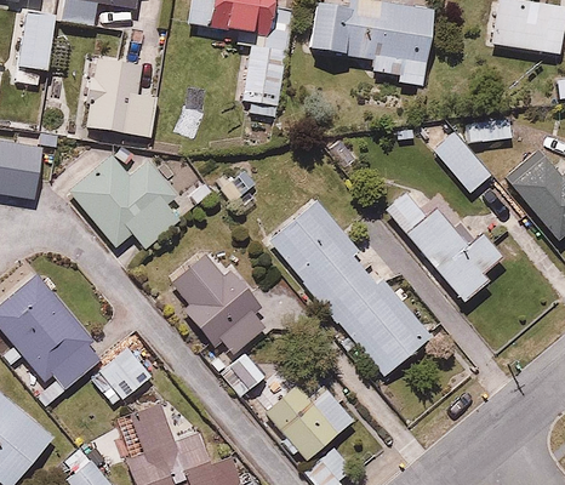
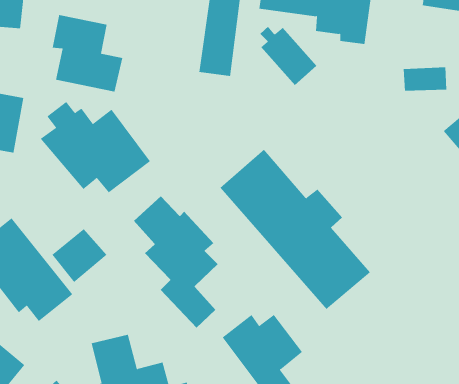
building: [429,129,492,194] -> [259,26,317,86]
building: [383,188,504,302] -> none
building: [92,346,153,405] -> [52,228,107,283]

